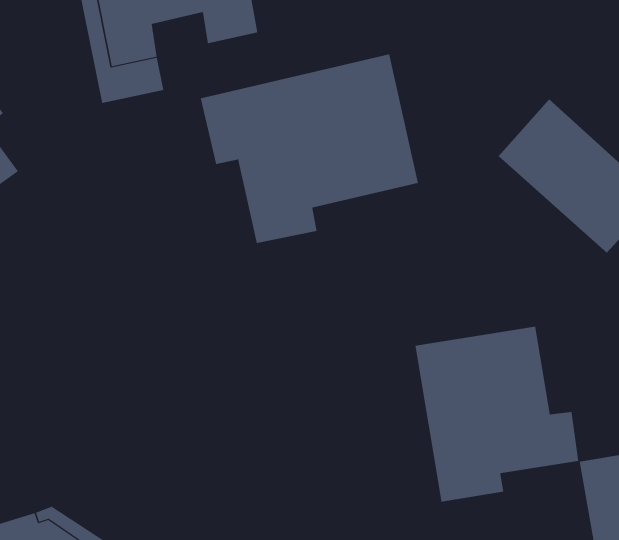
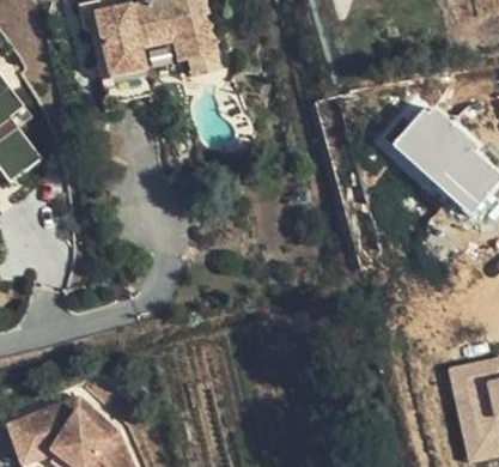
building: [200,54,419,244] -> none
building: [415,326,579,503] -> none

